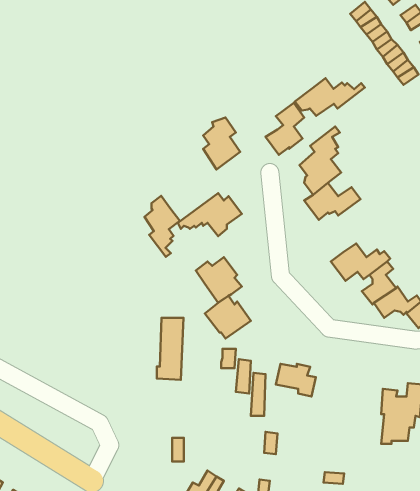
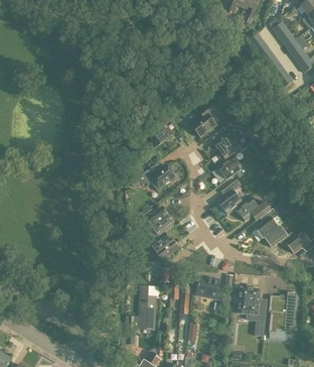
building: [295,78,365,116] -> none
building: [144,196,180,257] -> none
building: none -> [216,178,242,214]
building: [157,318,184,380] -> [137,286,155,329]
building: none -> [237,286,266,321]

